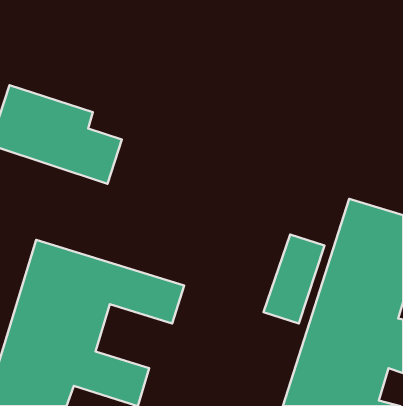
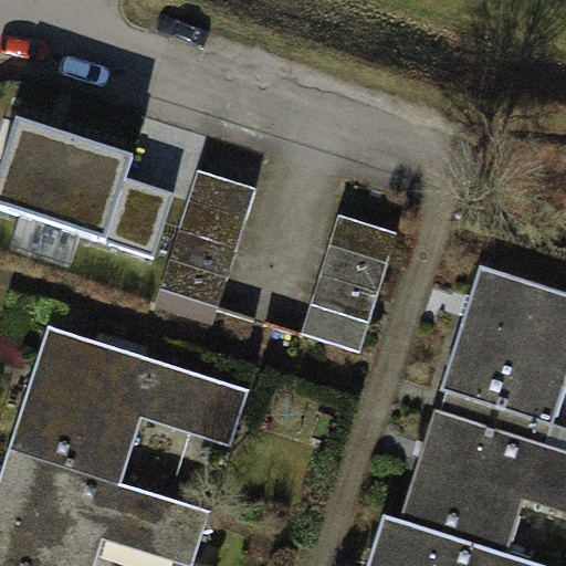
building: none -> [163,178,254,311]
building: [264,234,325,323] -> [300,223,384,346]

